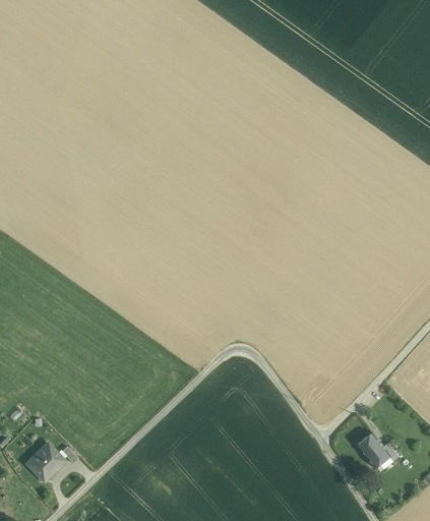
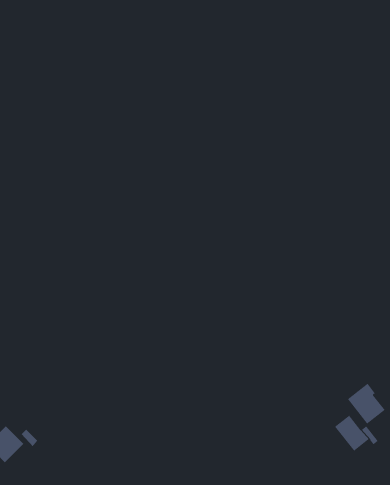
building: none -> [347,383,385,424]

